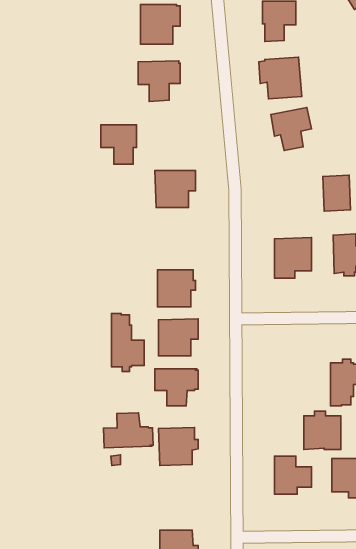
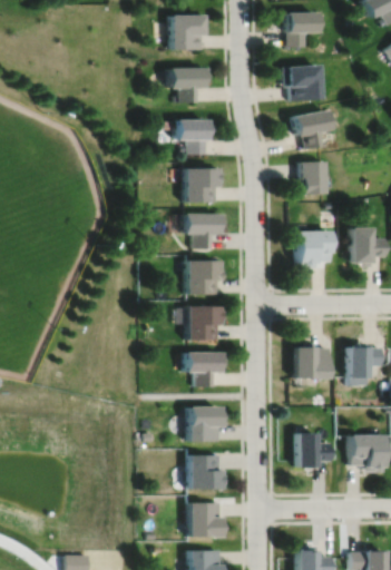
building: [101,125,137,164] -> [175,118,208,155]
building: [323,175,350,211] -> [300,161,325,195]
building: none -> [183,214,223,248]
building: [112,313,144,371] -> none
building: [304,411,341,449] -> [294,344,329,380]
building: [104,413,153,448] -> none
building: none -> [188,456,225,491]

